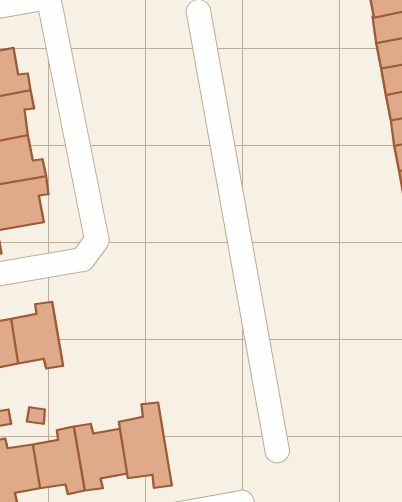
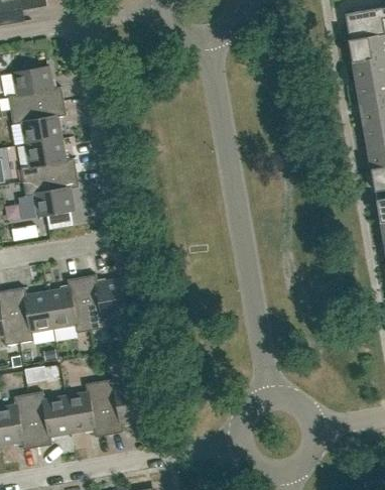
building: none -> [82,273,126,330]
building: [119,402,172,488] -> none

